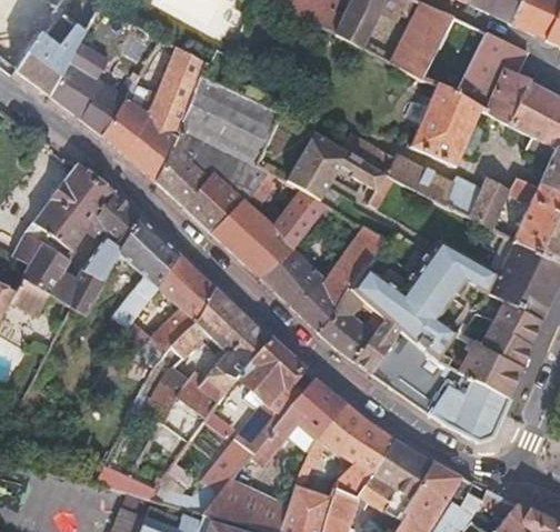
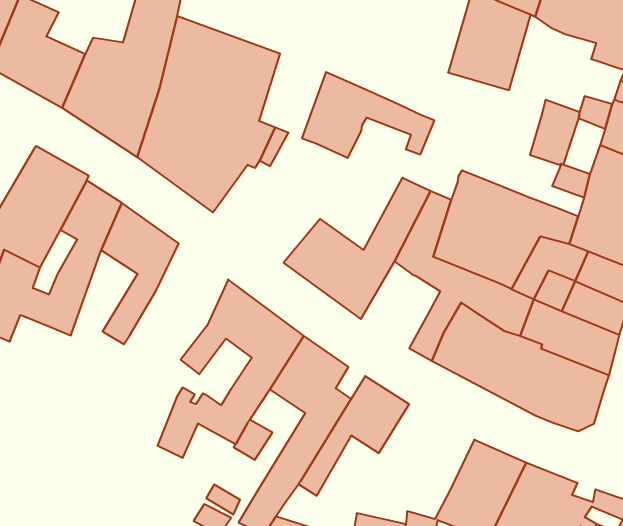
building: [370,149,481,219] -> none
building: [211,189,327,280] -> none
building: [119,254,217,368] -> none
building: [318,290,373,360] -> none
building: [308,404,396,498] -> none

